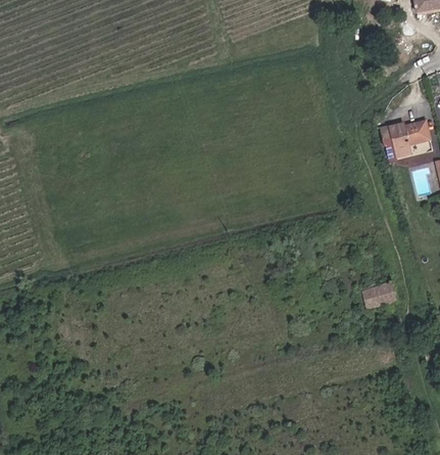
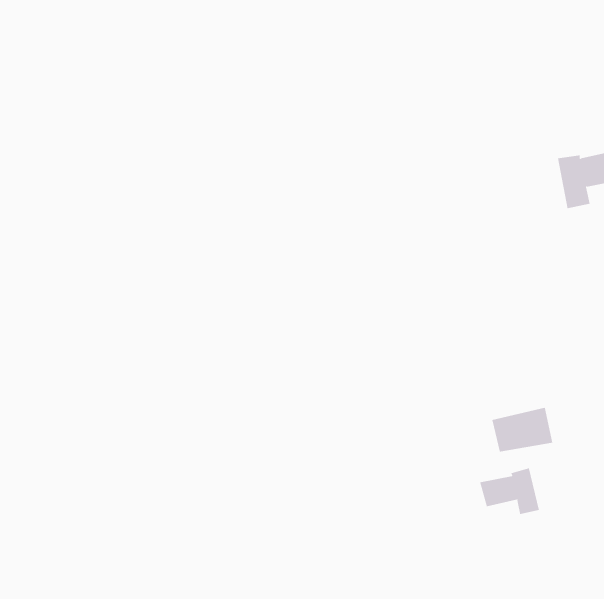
building: none -> [479,467,539,515]

